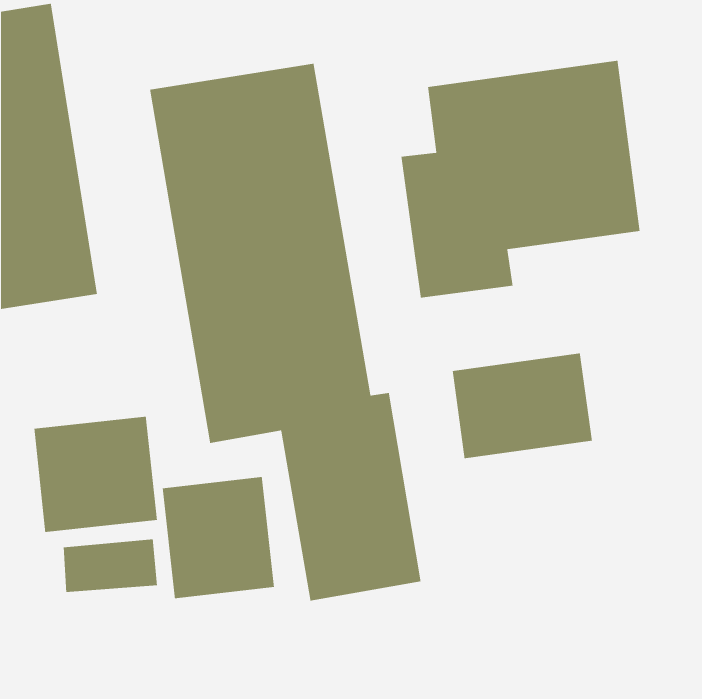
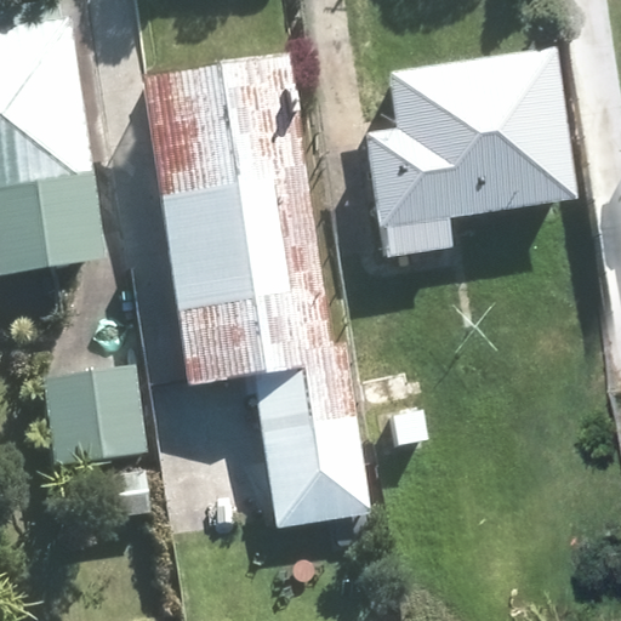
building: [452,353,593,459] -> none
building: [162,476,275,599] -> none

